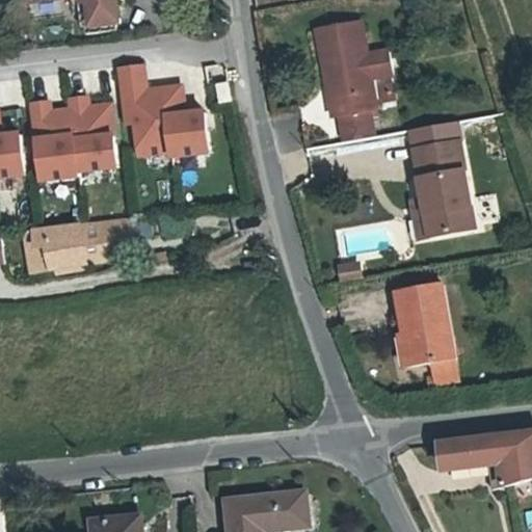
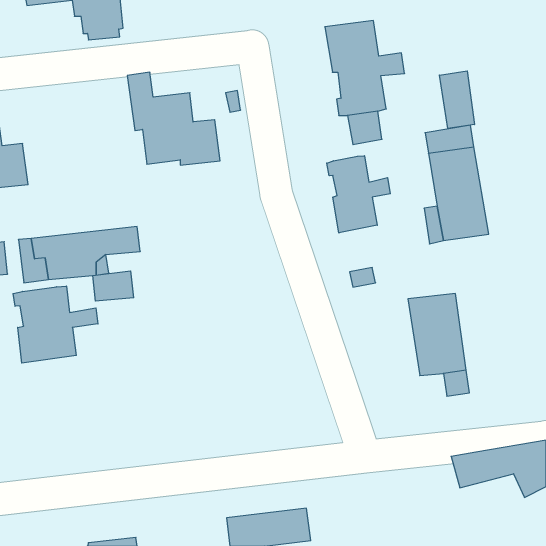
building: none -> [439,71,474,128]
building: [34,102,119,184] -> none
building: none -> [327,156,390,233]
building: none -> [93,271,134,301]
building: none -> [13,286,98,363]

